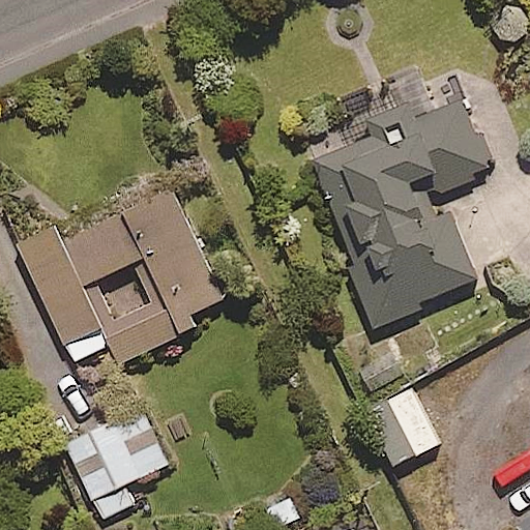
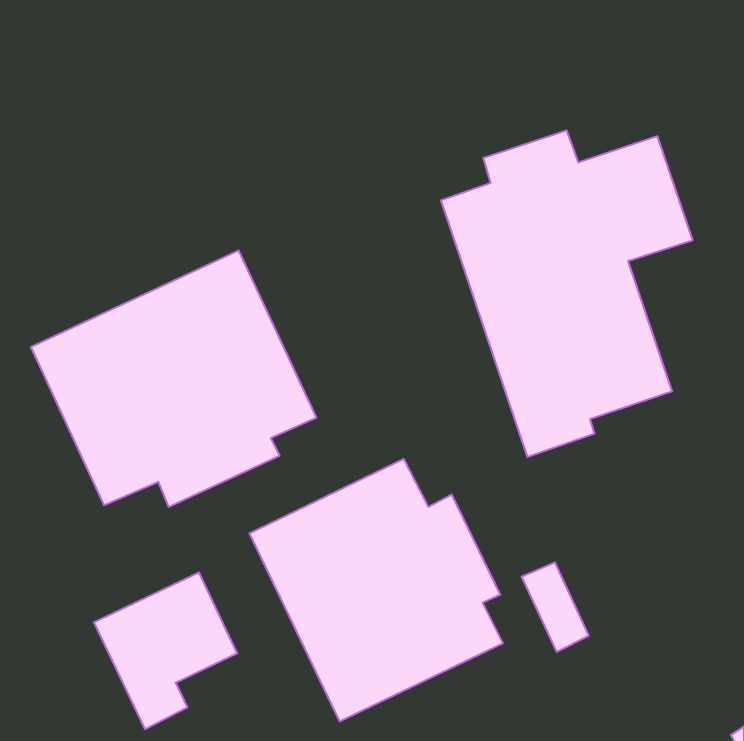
building: none -> [250,459,503,722]

